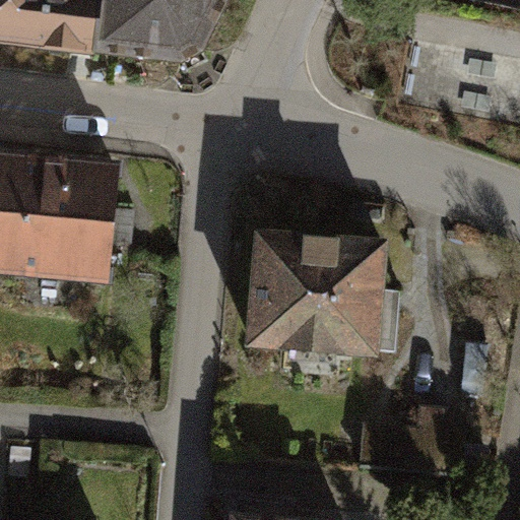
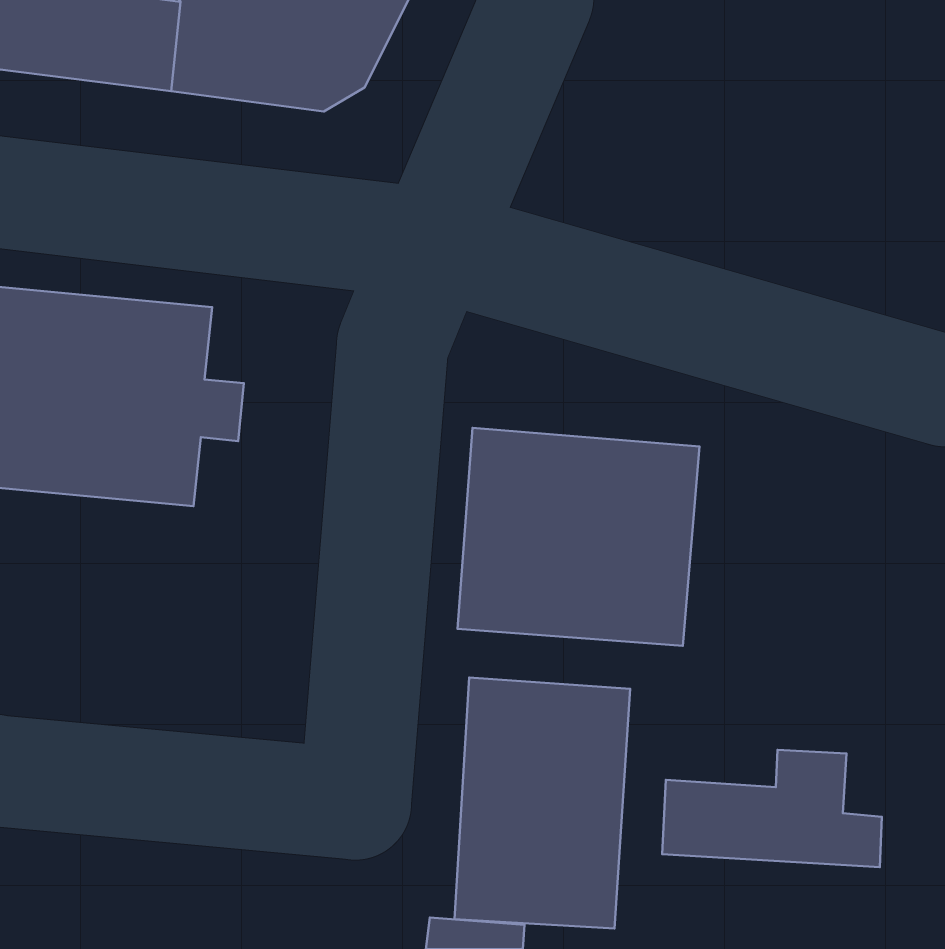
building: none -> [455,678,630,928]

